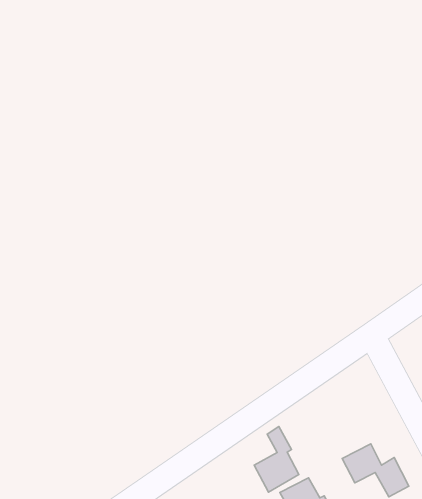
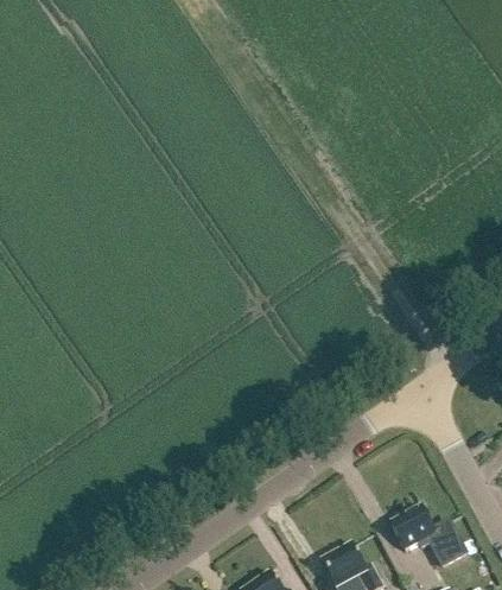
building: [254,426,299,492] -> none

